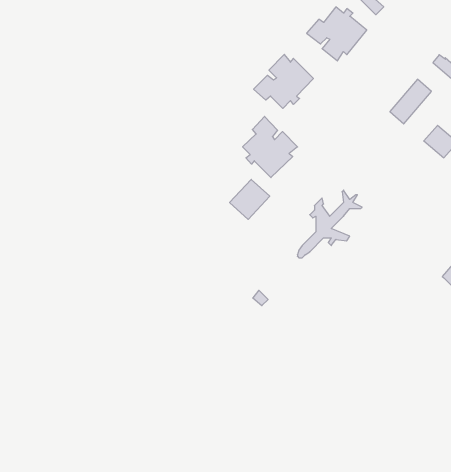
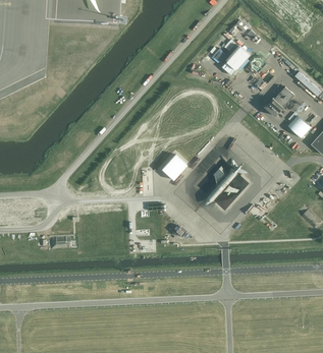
building: [254,54,313,108] -> none
building: [243,116,298,178] -> none

